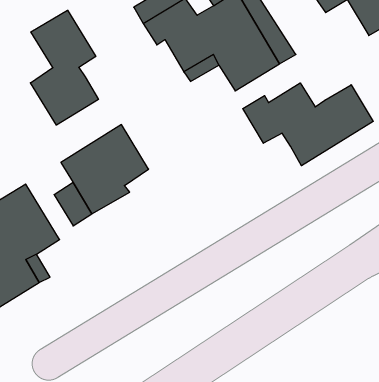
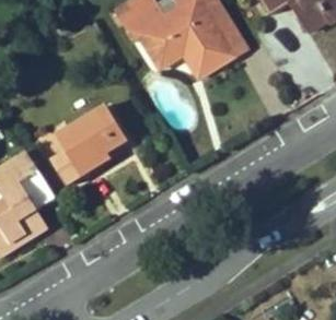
building: [30,10,98,125] -> none
building: [243,83,373,166] -> none

